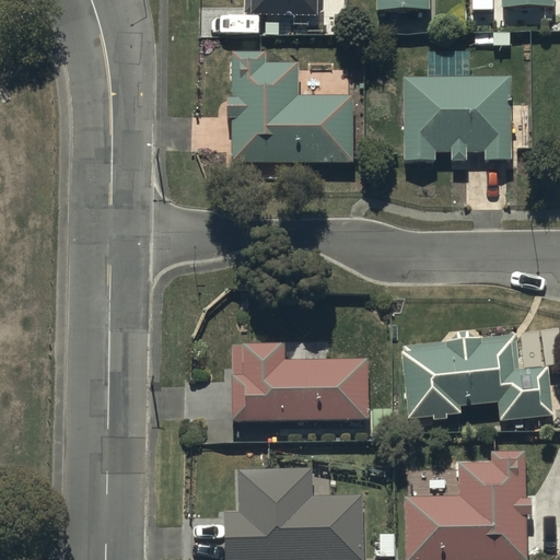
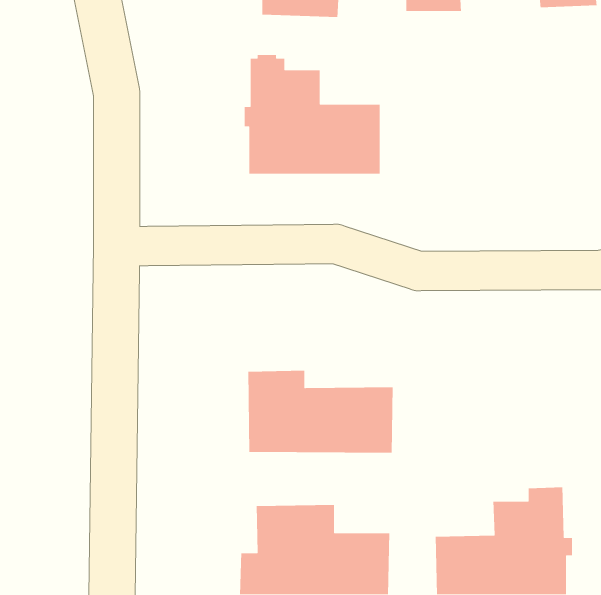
building: [404,54,511,163] -> none
building: [402,336,555,422] -> none

